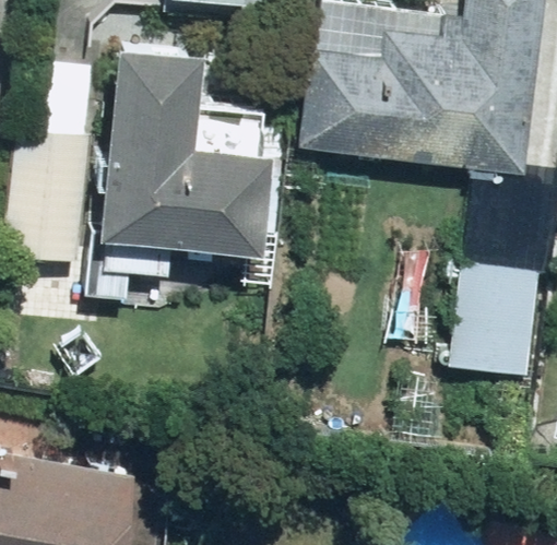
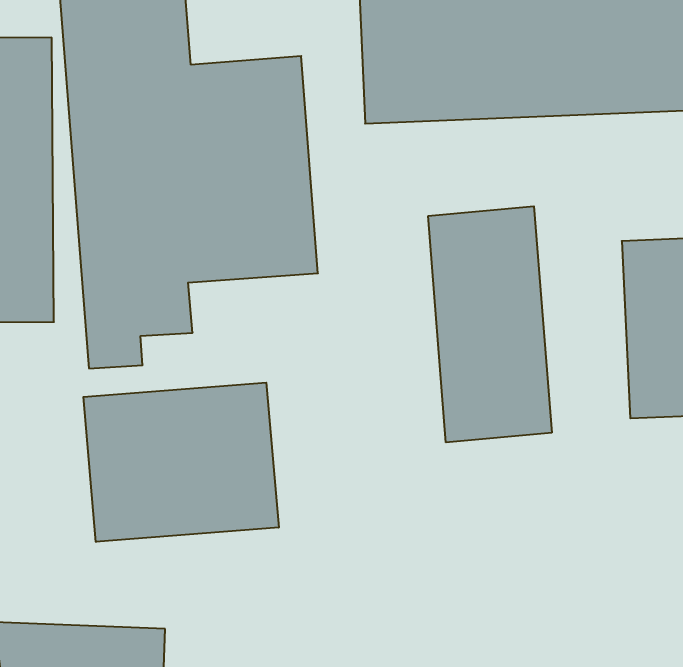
building: none -> [428,206,552,442]
building: none -> [83,383,279,542]

